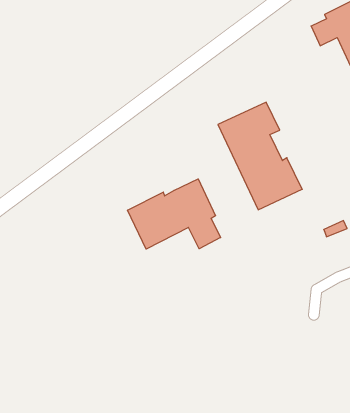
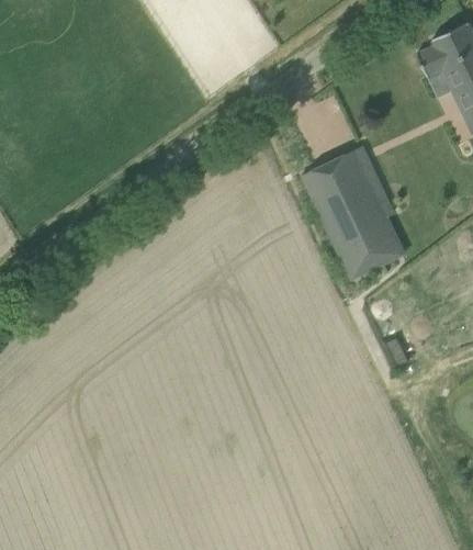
building: [128,179,221,249] -> none

